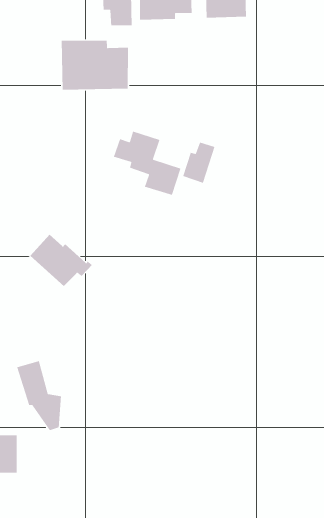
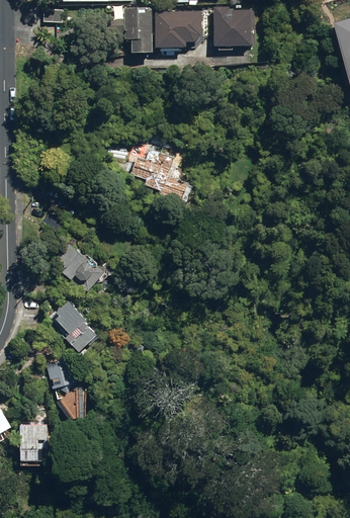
building: [61,40,129,91] -> none
building: [182,142,216,184] -> none
building: none -> [55,300,97,354]

